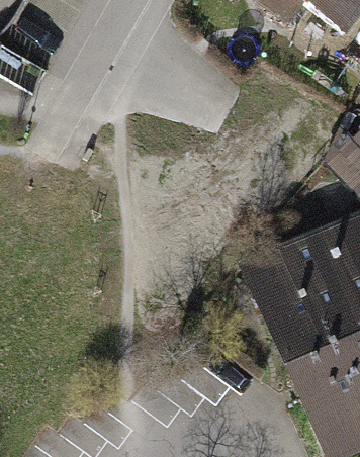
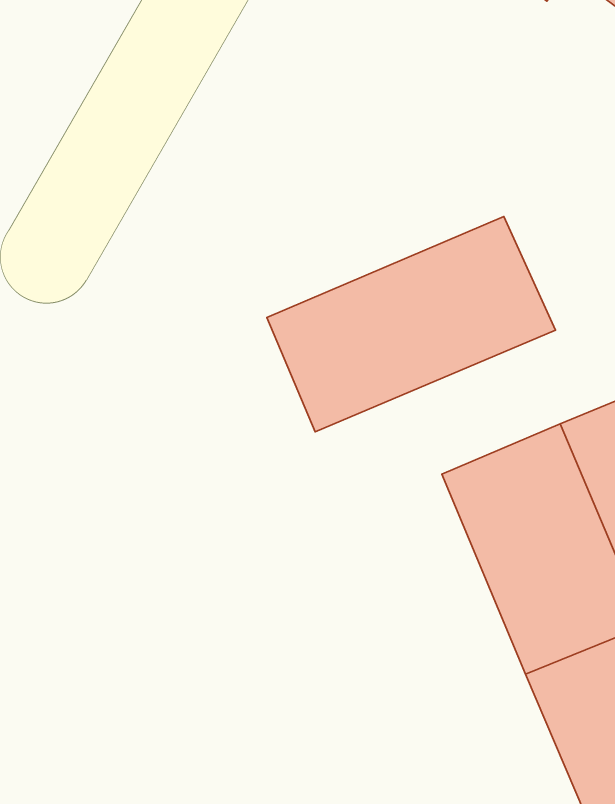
building: none -> [267,216,555,432]

